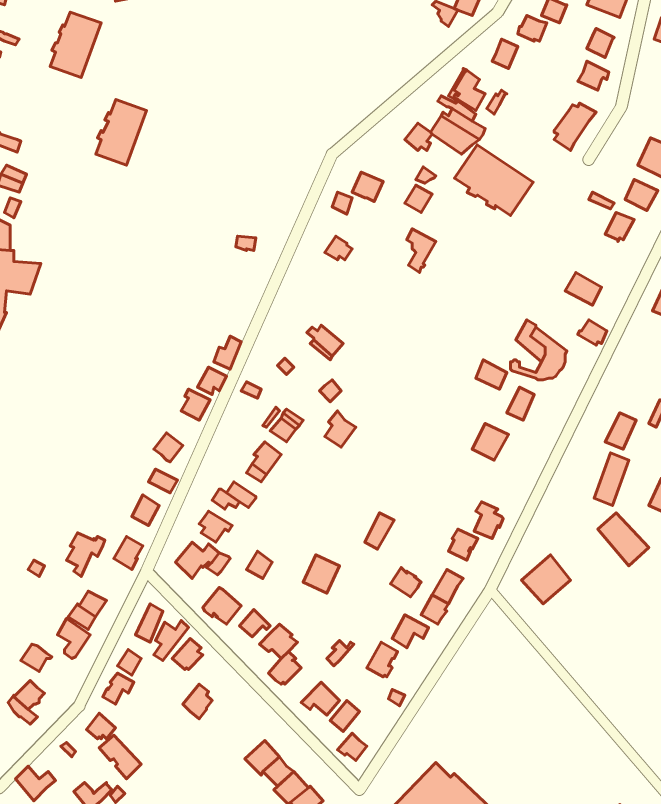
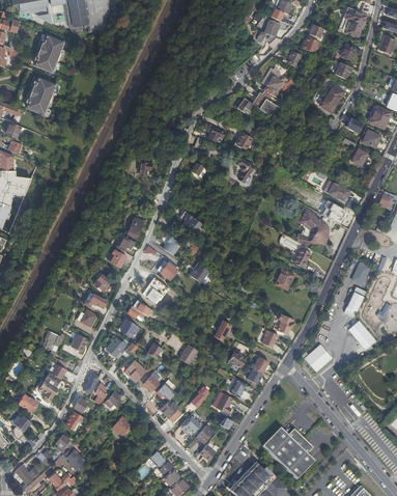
building: [96,100,147,165] -> [26,77,55,114]
building: [454,145,533,215] -> none
building: none -> [261,428,313,479]

